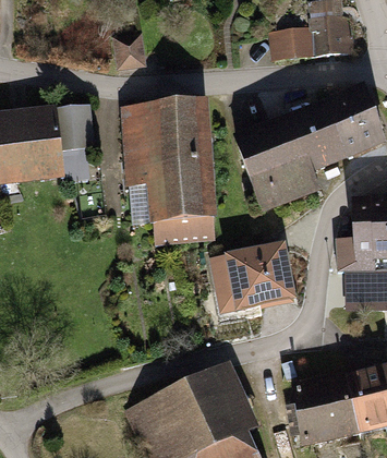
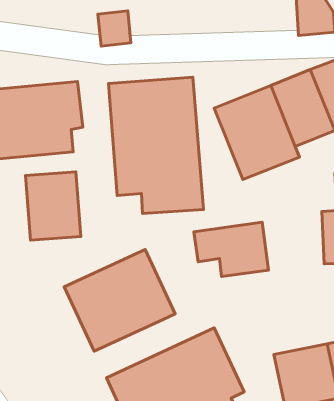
building: [267,28,310,63] -> none
building: none -> [26,172,81,240]
building: none -> [64,250,175,351]

